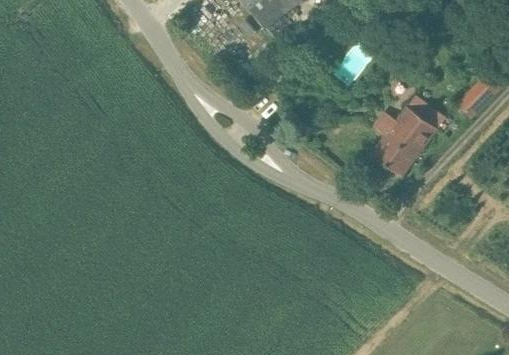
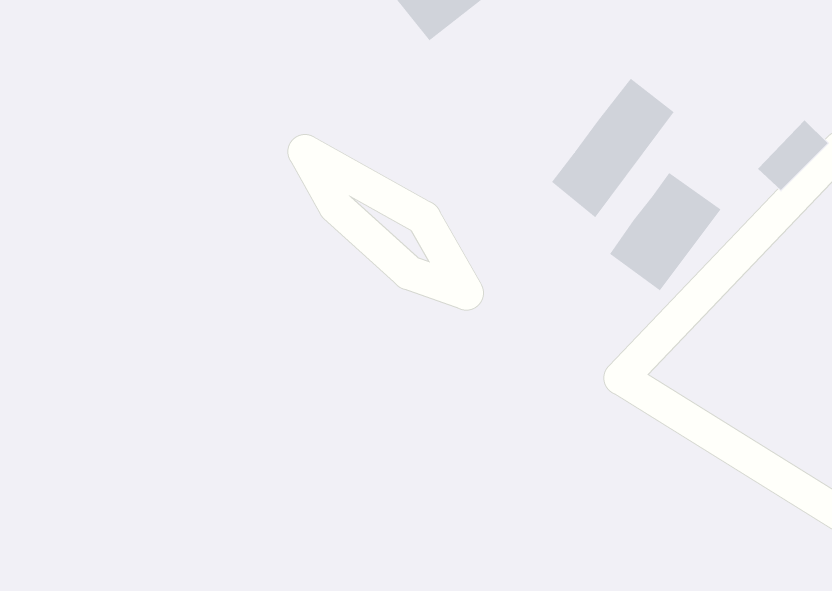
building: none -> [551,78,675,218]

